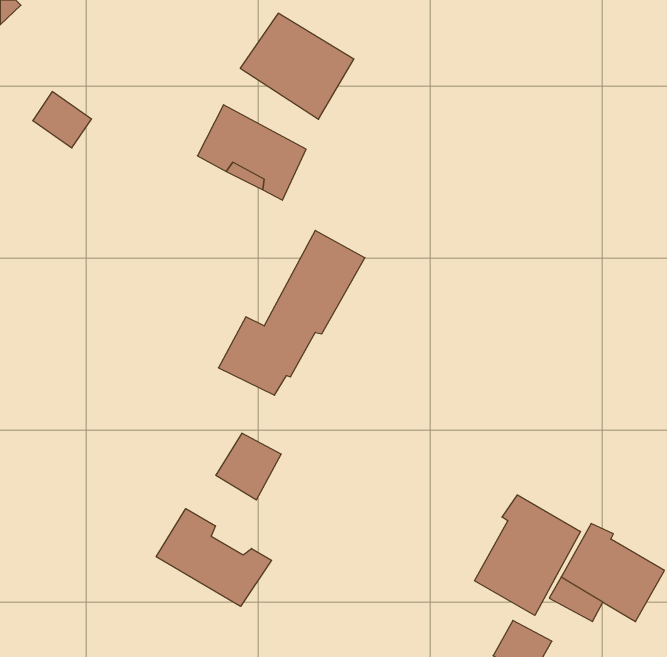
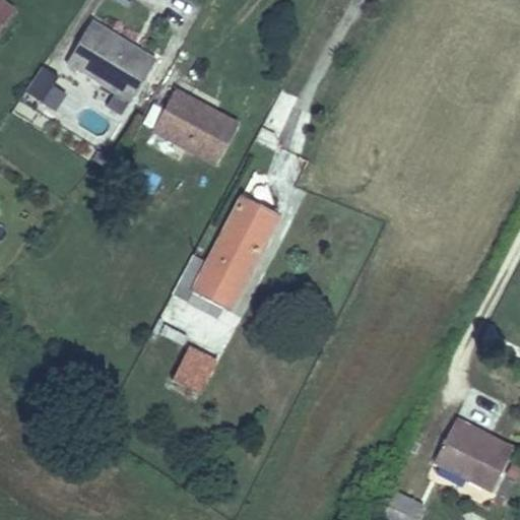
building: [240,13,354,119] -> [67,16,155,99]
building: [475,495,581,615] -> none
building: [156,509,272,606] -> none

